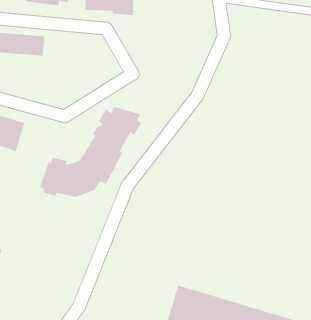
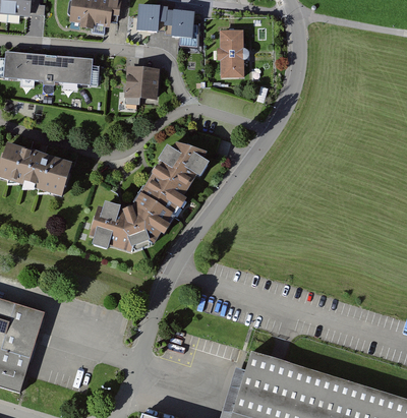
building: none -> [220,31,244,77]
building: none -> [126,66,160,100]

